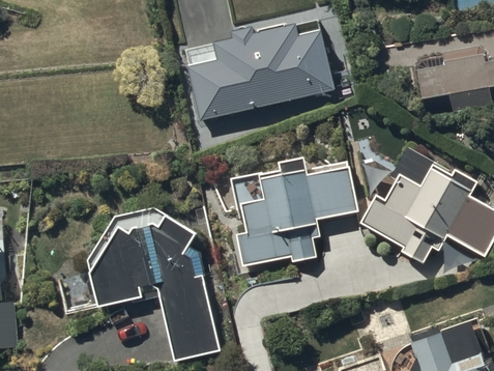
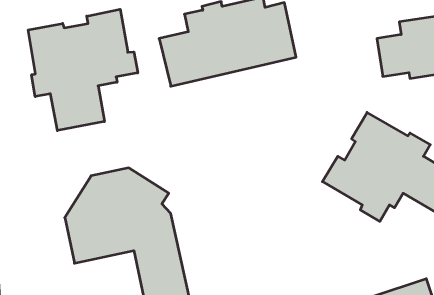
building: none -> [28,9,138,131]
building: [231,160,356,264] -> none

